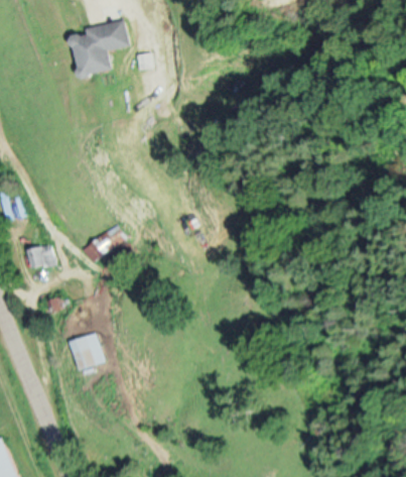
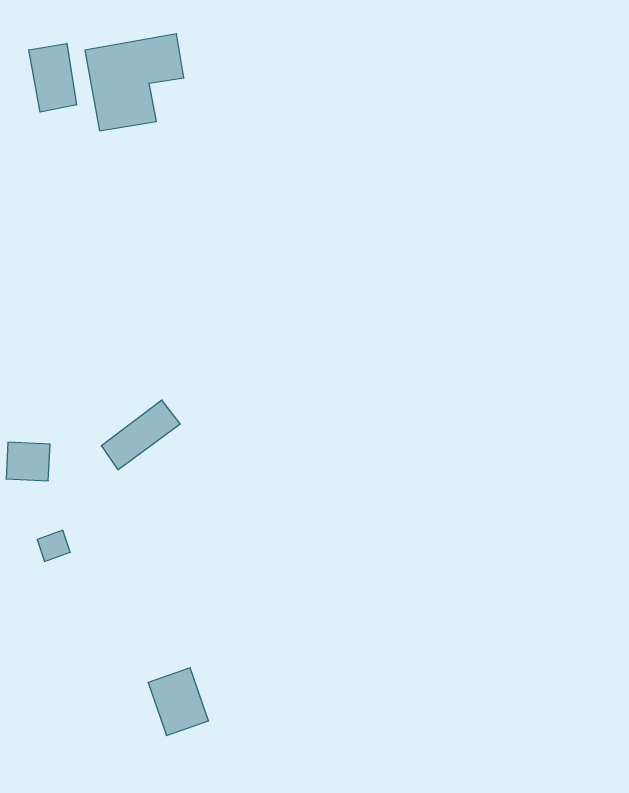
building: none -> [29,43,77,112]
building: [72,333,105,370] -> [148,668,209,736]

